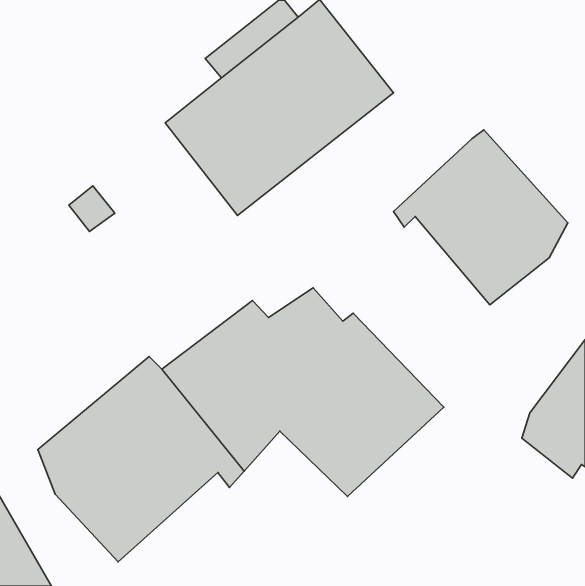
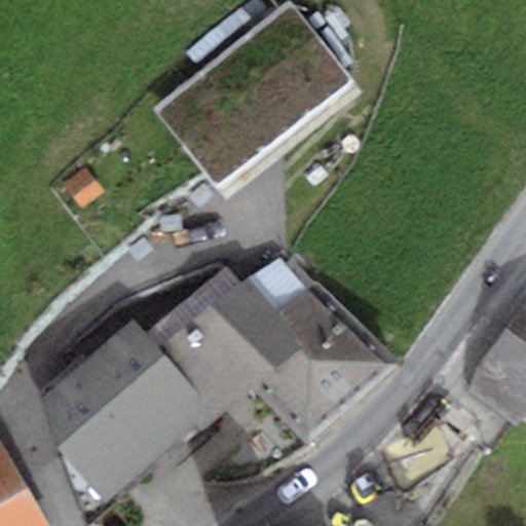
building: [393,130,568,305] -> none

